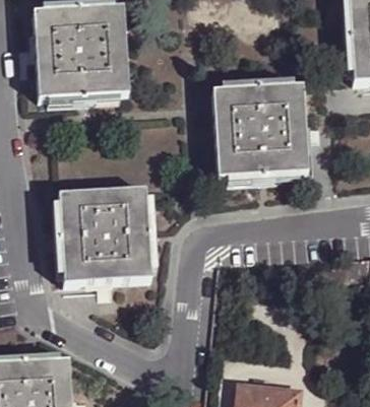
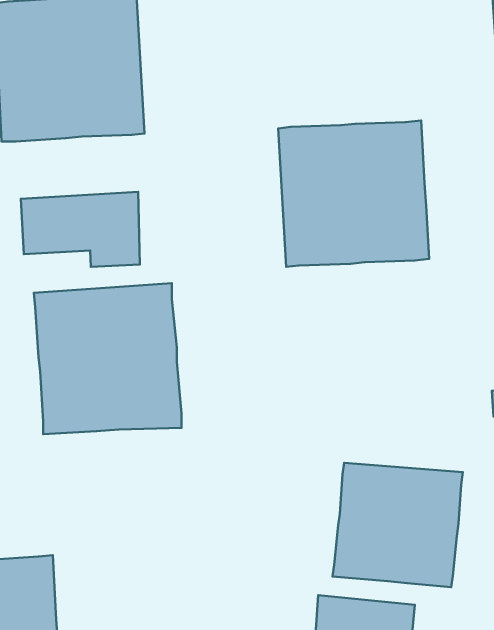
building: none -> [21,192,140,267]
building: none -> [333,463,463,587]

